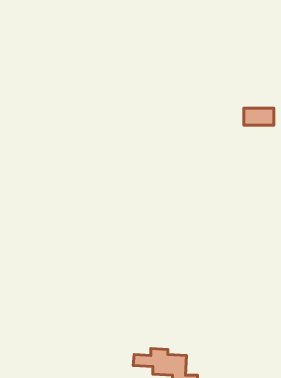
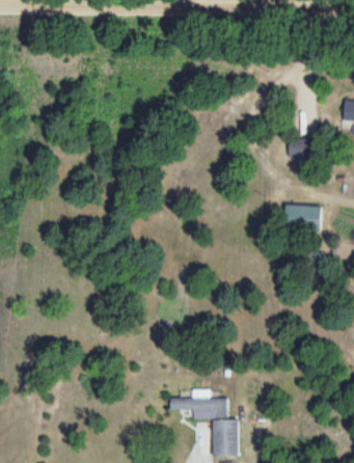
building: none -> [280,206,322,226]

